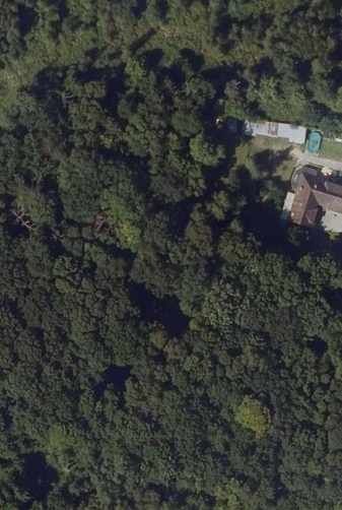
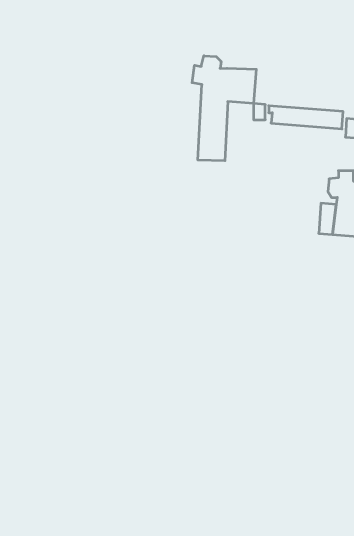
building: none -> [192,56,256,161]

